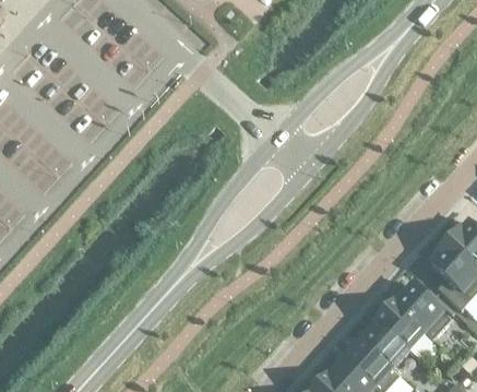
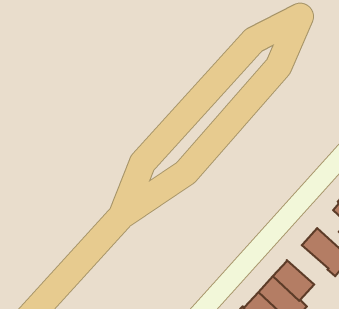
building: [374,298,425,347] -> none

